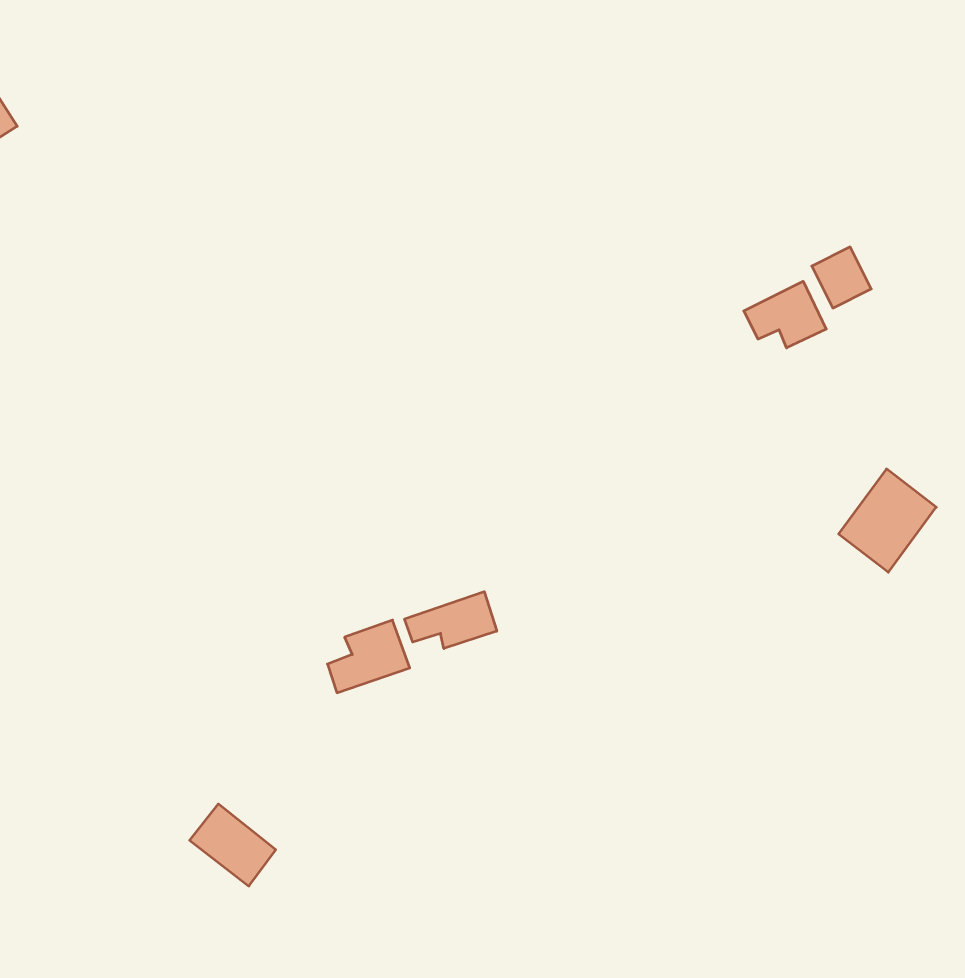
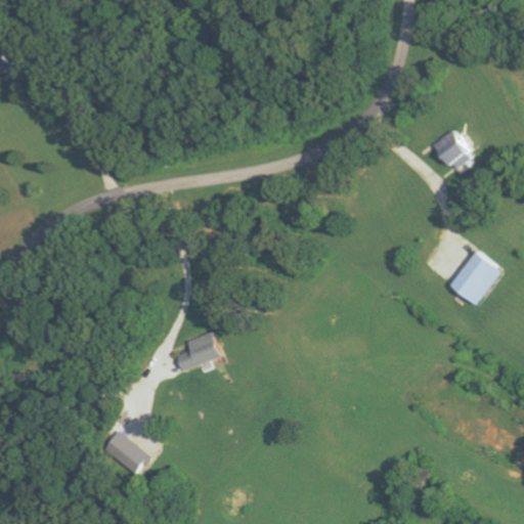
building: [744,281,826,348] -> none
building: [405,592,497,649] -> none

